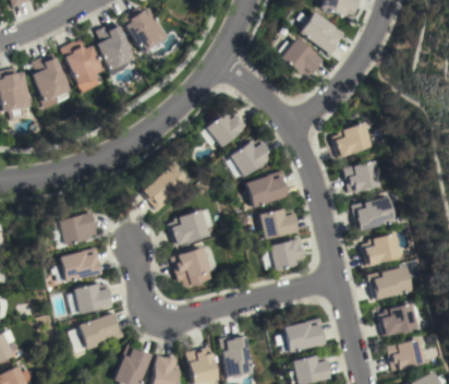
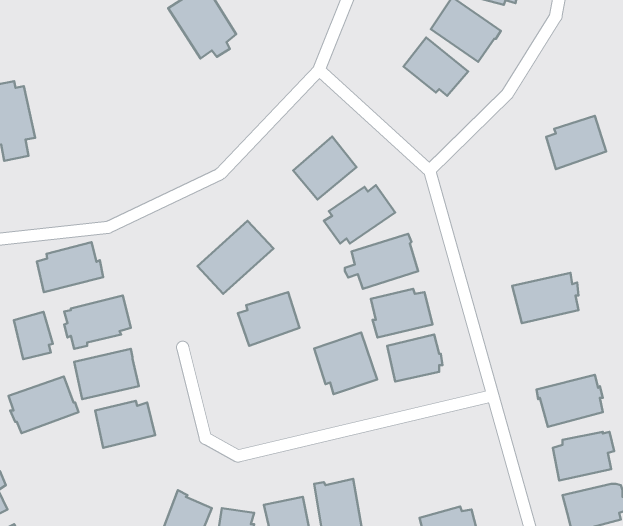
building: [97,22,136,75] -> none
building: [62,39,105,93] -> none
building: [33,52,72,109] -> none
building: [333,122,374,158] -> [546,116,606,169]
building: [345,160,384,193] -> none
building: none -> [37,242,103,292]
building: none -> [14,312,53,359]
building: [363,232,403,266] -> none
building: [172,247,215,288] -> [314,332,377,394]
building: [77,312,124,350] -> [9,376,78,433]
building: [276,317,326,352] -> none

